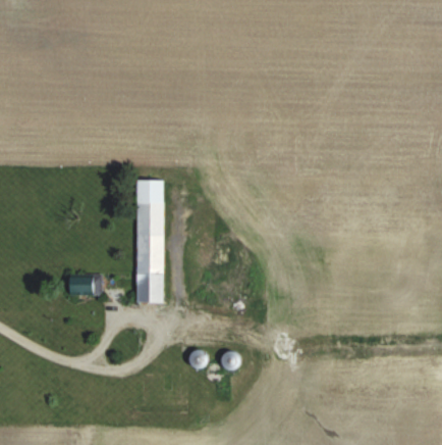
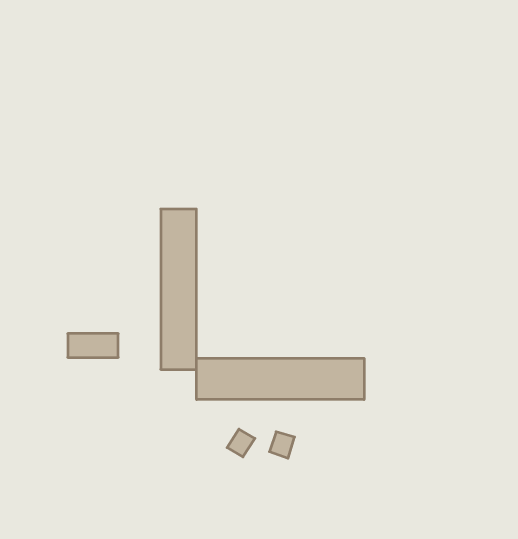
building: none -> [197,358,364,400]

